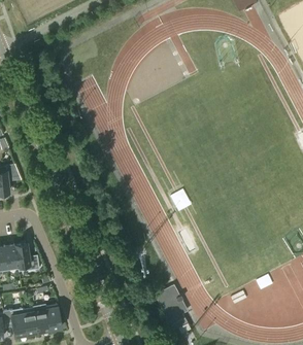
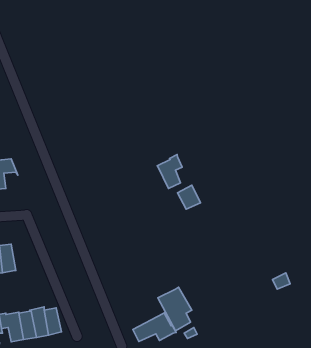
building: none -> [157,155,182,189]
building: [14,243,39,272] -> none
building: none -> [133,313,176,342]

